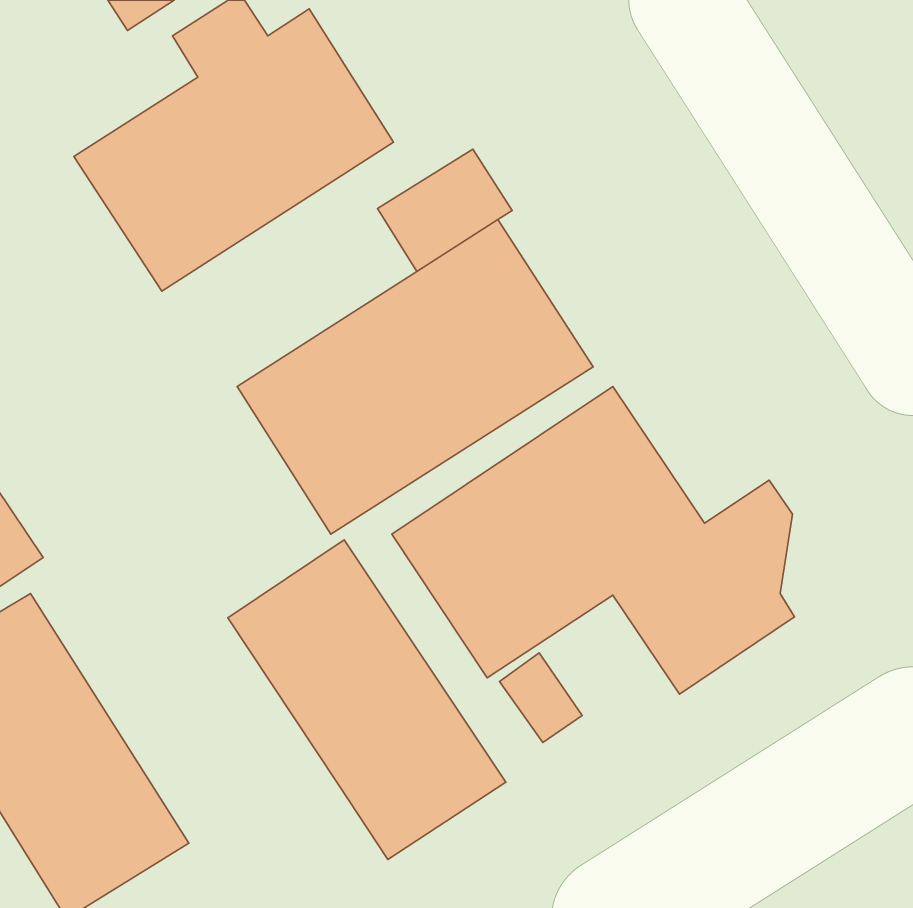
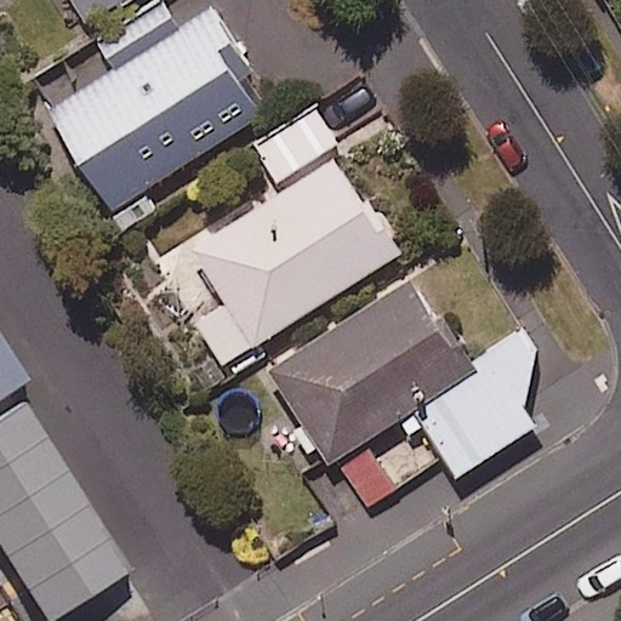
building: [228,540,506,859] -> none

